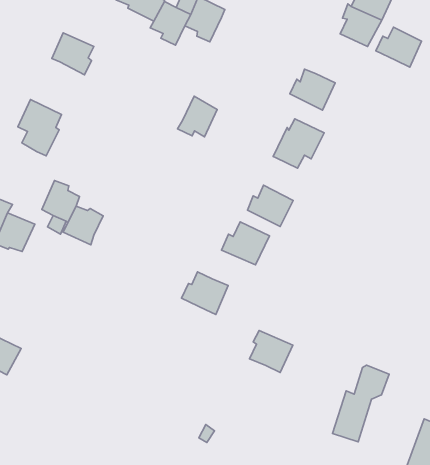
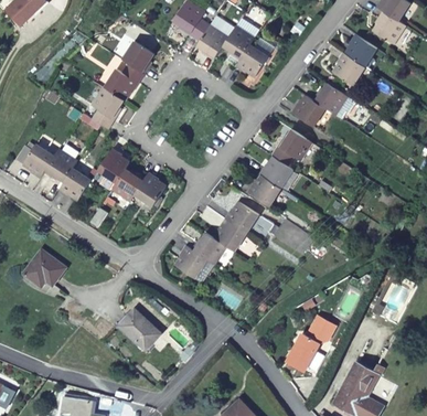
building: [376,27,421,67] -> [311,83,345,114]
building: none -> [100,63,142,102]
building: [178,96,217,137] -> [233,47,264,78]
building: none -> [259,156,295,189]
building: none -> [132,173,162,205]
building: none -> [173,244,206,278]
building: [250,330,293,373] -> [214,217,247,250]
building: none -> [116,310,160,353]

